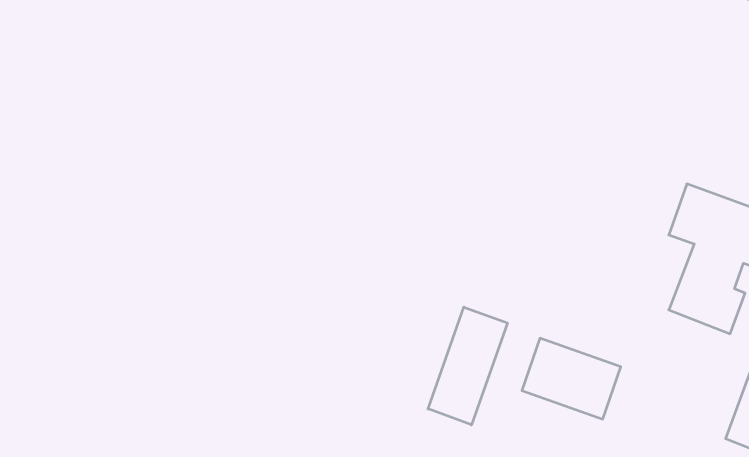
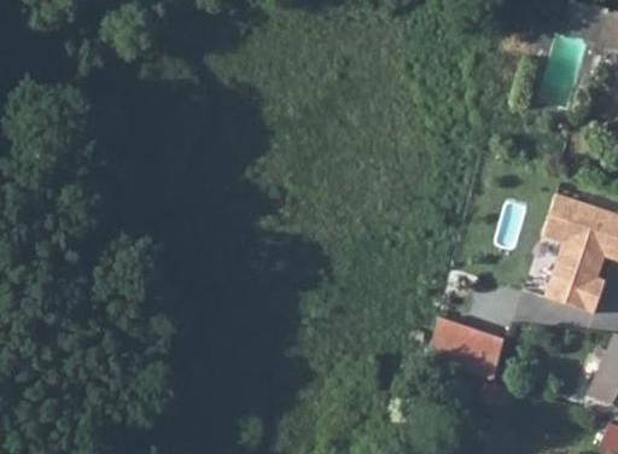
building: [428,307,507,425] -> none

